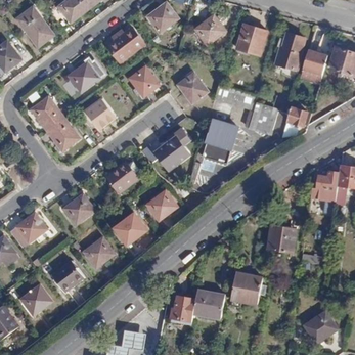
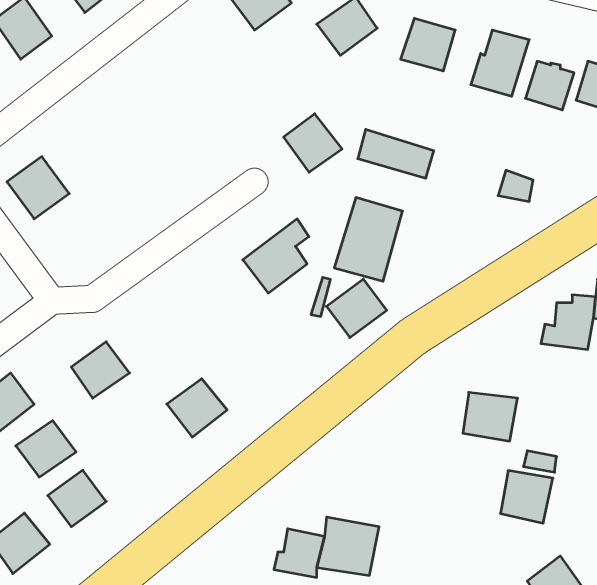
building: [107,28,144,62] -> none
building: [68,57,104,93] -> none
building: [128,66,158,97] -> none
building: [84,98,115,130] -> none
building: [245,102,278,132] -> none
building: [44,118,77,149] -> none
building: [104,163,136,194] -> none
building: [145,190,177,221] -> [326,279,387,338]
building: [82,239,114,269] -> [16,421,76,477]
building: [233,271,261,299] -> [500,471,553,523]

